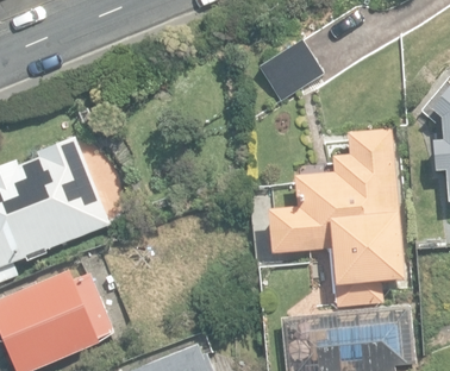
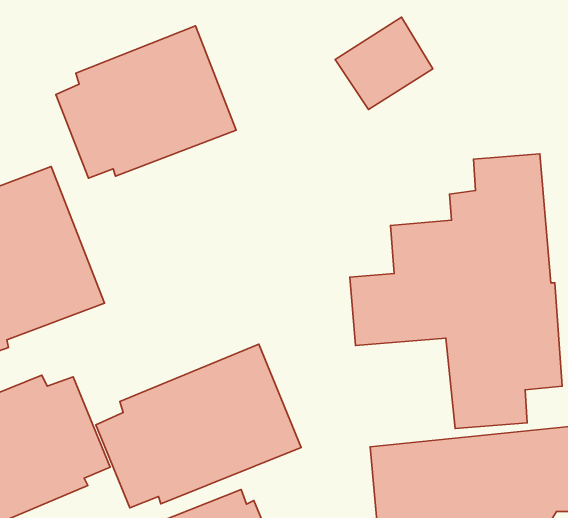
building: none -> [56,26,236,178]
building: none -> [96,344,301,508]

